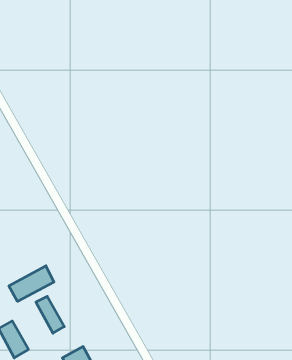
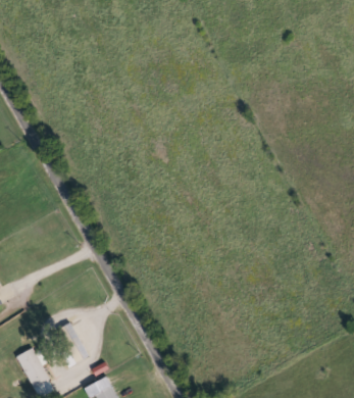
building: [9,266,54,301] -> none

